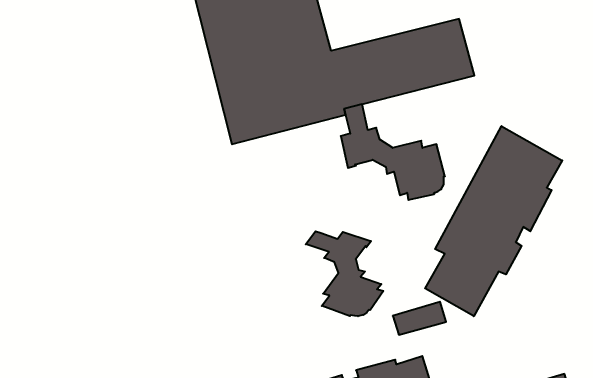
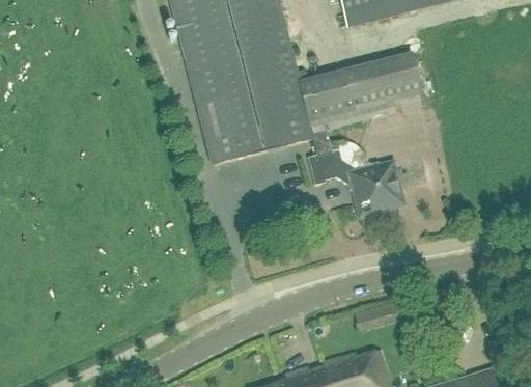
building: [425,126,562,316] -> none
building: [306,231,383,316] -> none

